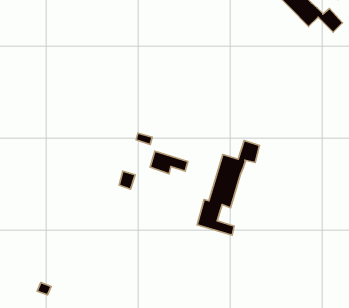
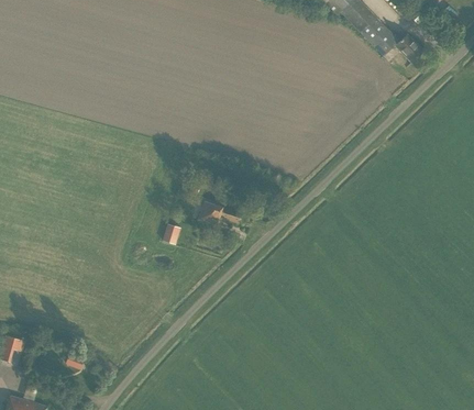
building: [197,140,260,235] -> none

